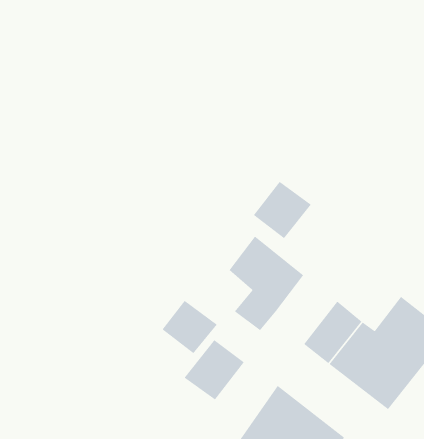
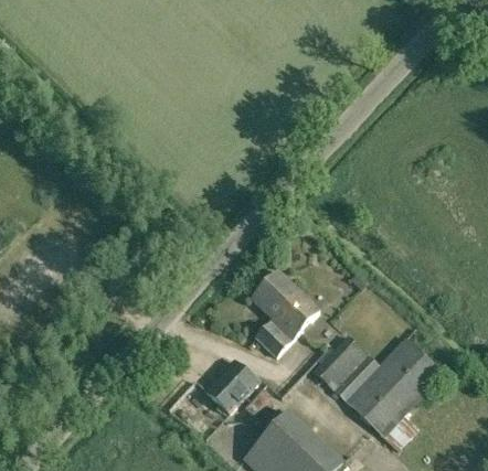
building: [253,181,312,239] -> none
building: [161,300,218,354] -> none

